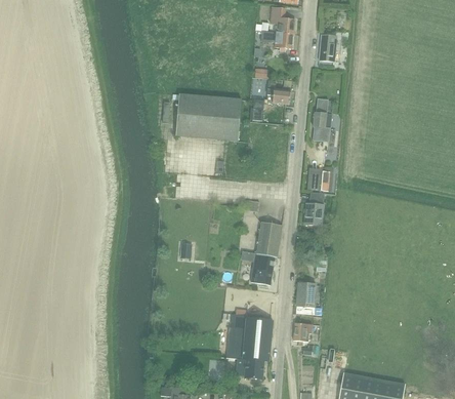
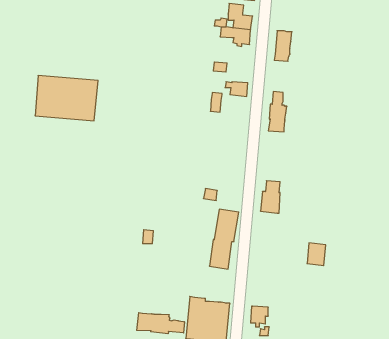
building: [175,93,241,141] -> [35,76,98,121]
building: [306,169,332,191] -> none
building: [296,282,316,306] -> [307,243,326,266]
building: none -> [137,313,184,334]

